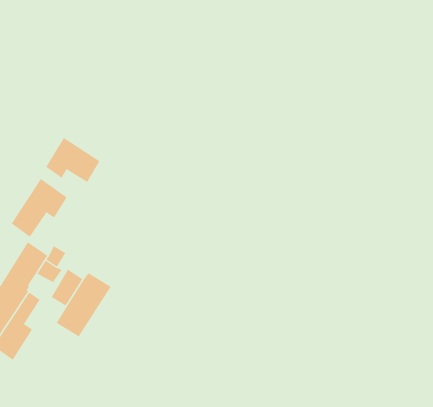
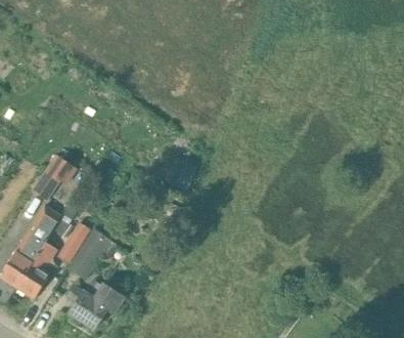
building: [45,137,100,183] -> none
building: none -> [65,283,123,329]

